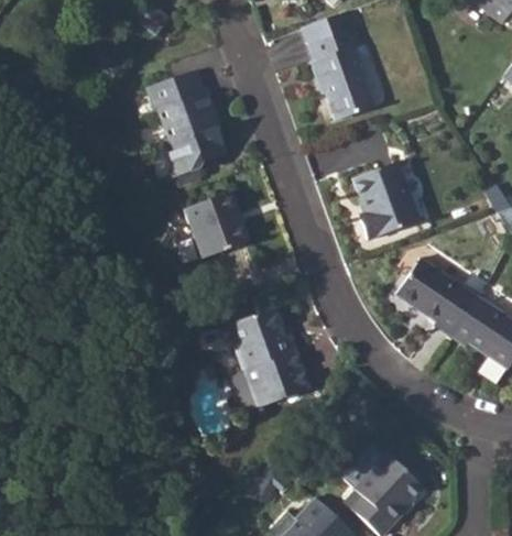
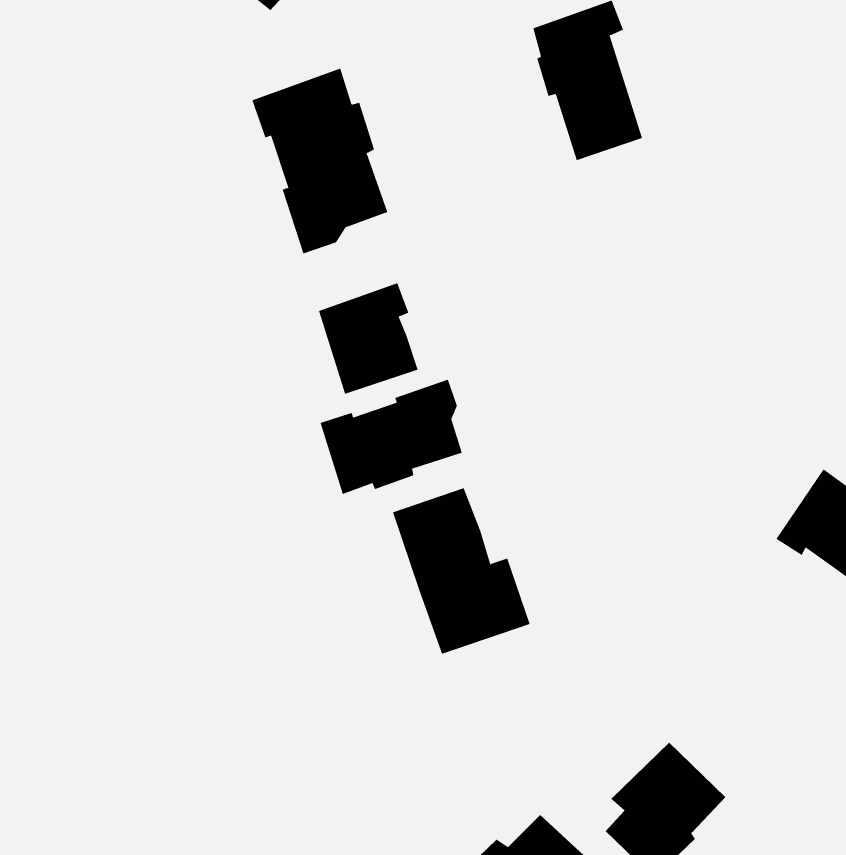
building: [355,162,421,239] -> none
building: none -> [320,379,462,495]
building: [396,259,479,339] -> none

